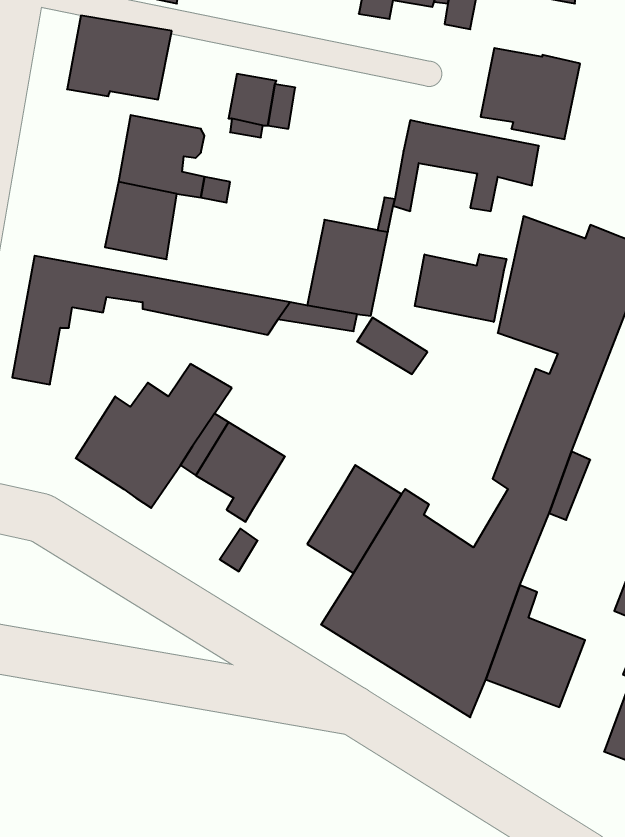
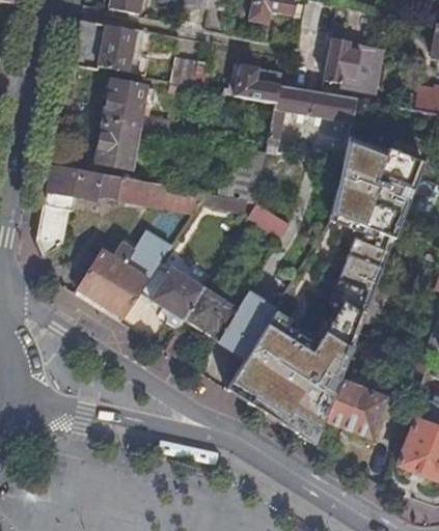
building: none -> [223,63,281,102]
building: [415,254,506,322] -> none
building: none -> [184,286,237,339]

